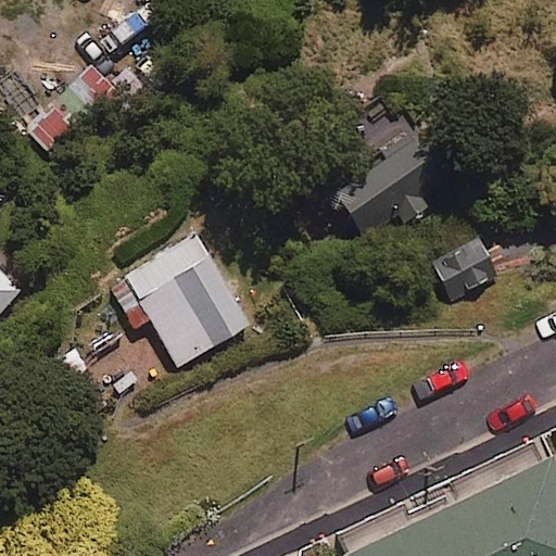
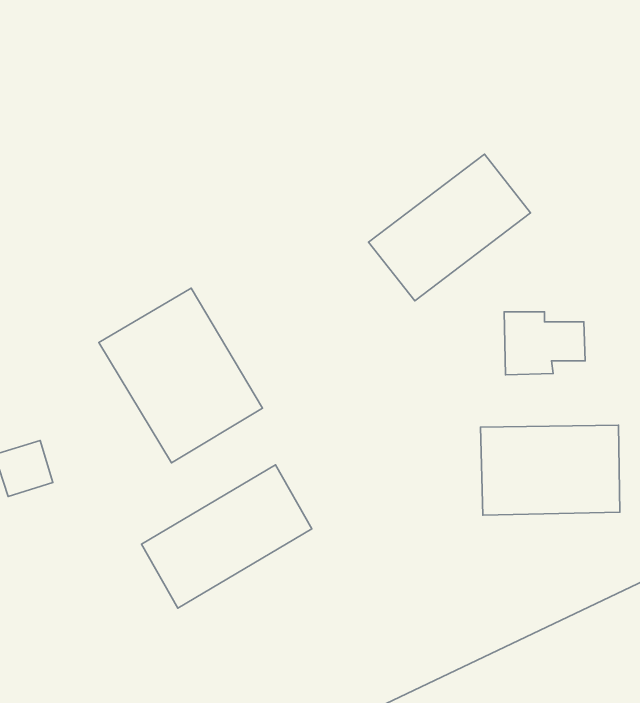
building: none -> [481,425,620,515]
building: none -> [142,465,312,608]

